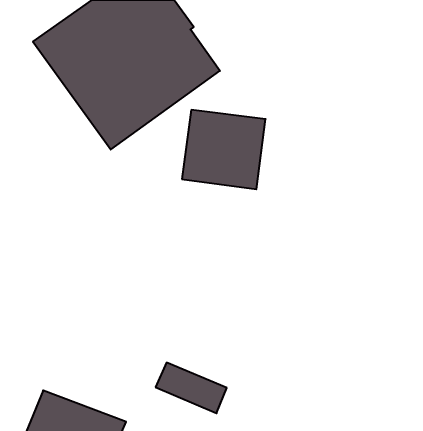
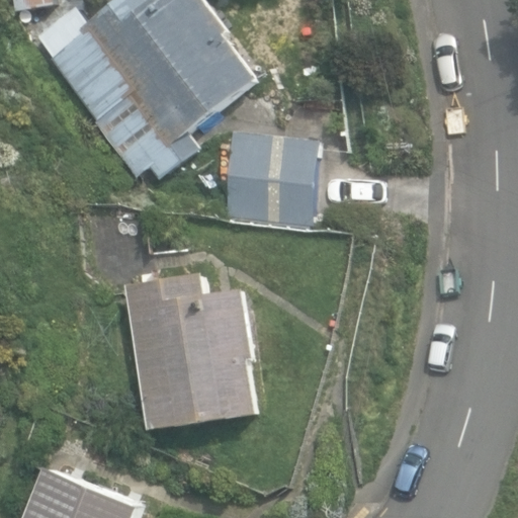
building: none -> [125,269,256,429]

